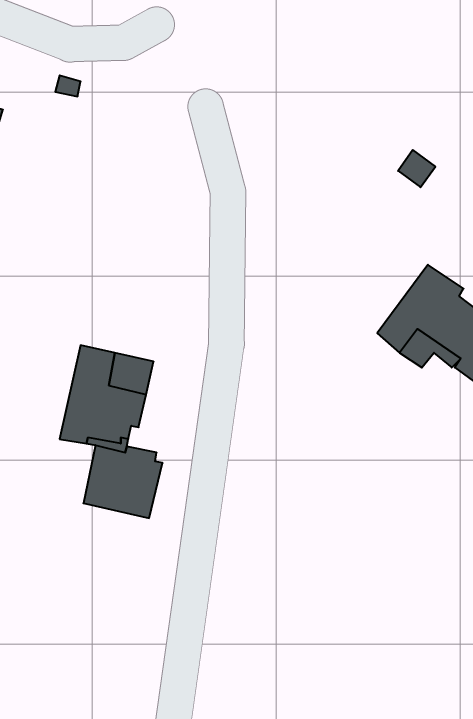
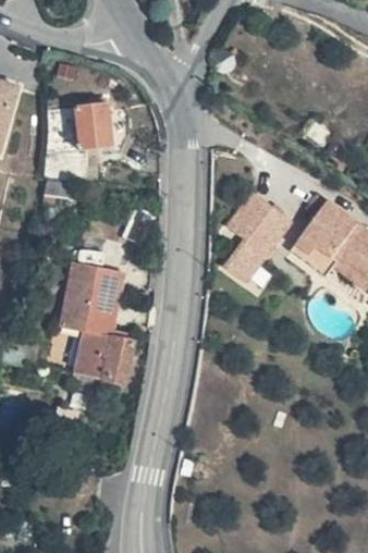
building: none -> [74,103,111,148]
building: none -> [222,192,292,283]

